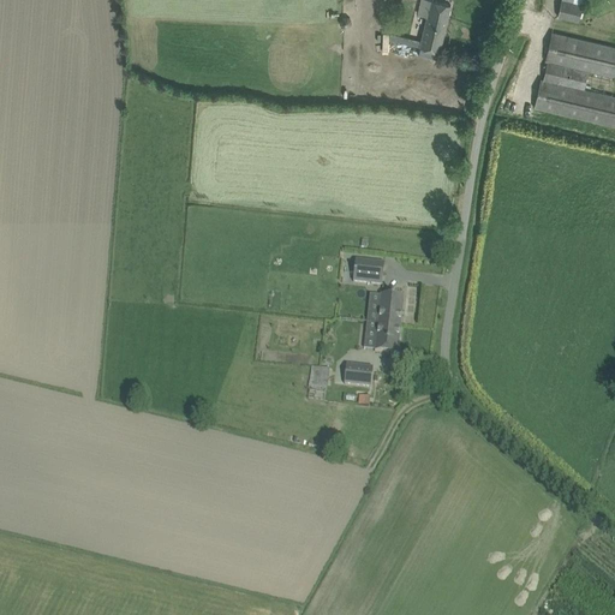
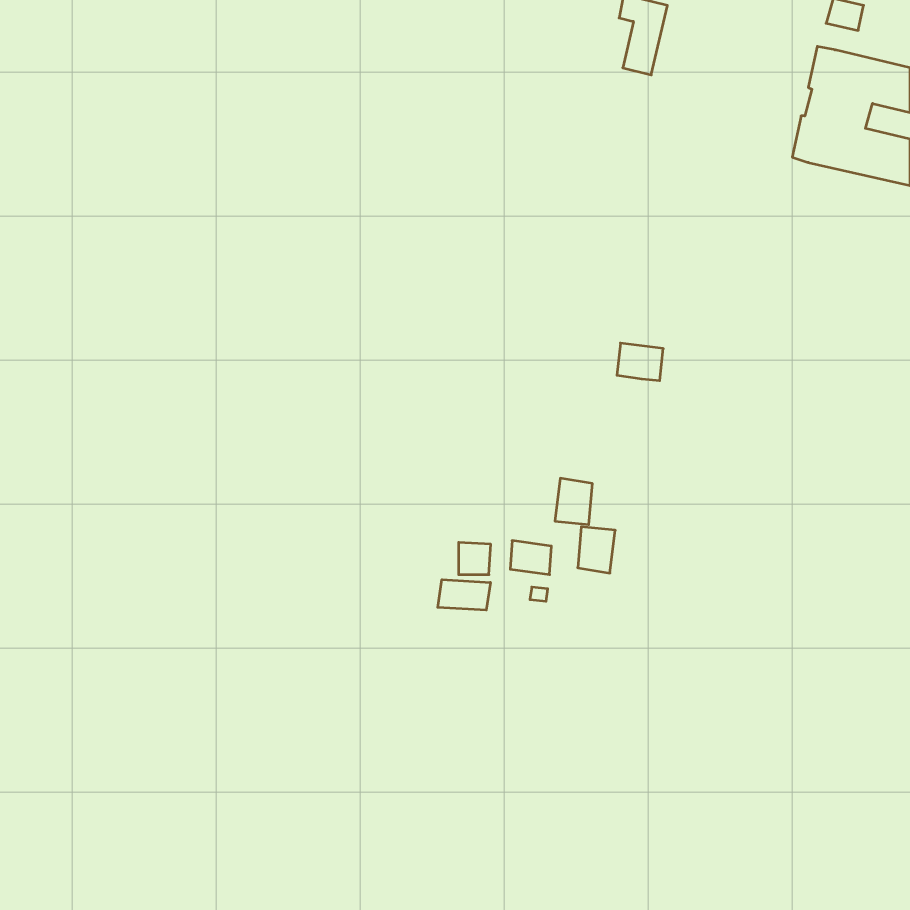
building: [352,259,383,285] -> [617,343,663,381]
building: [377,294,402,326] -> [578,527,615,573]
building: none -> [438,580,490,610]

